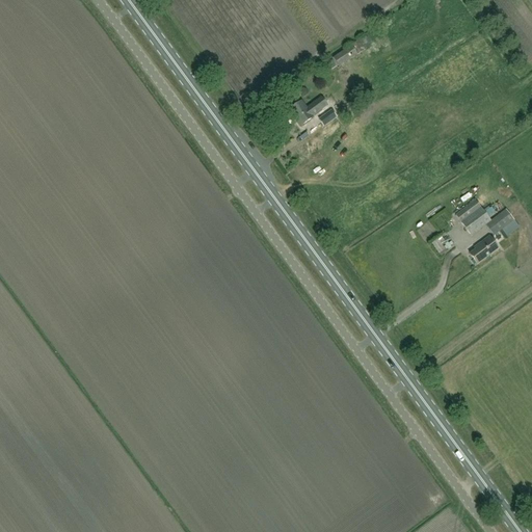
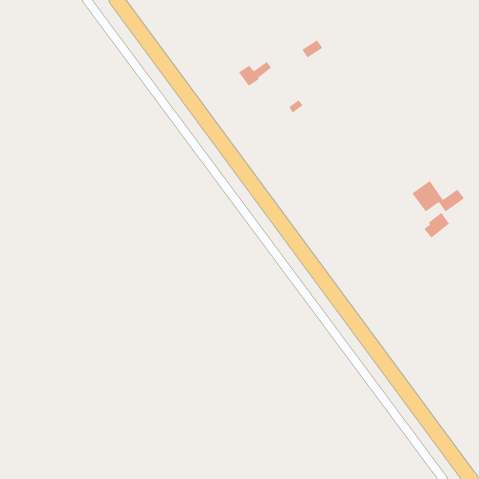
building: [290,97,327,125] -> [238,61,272,86]

